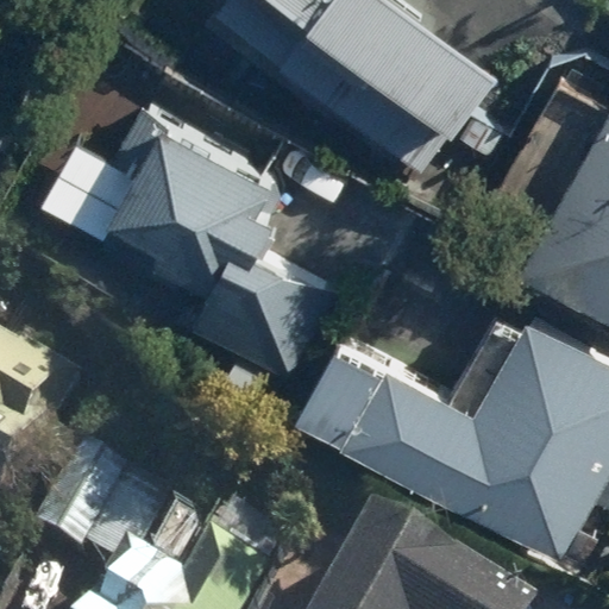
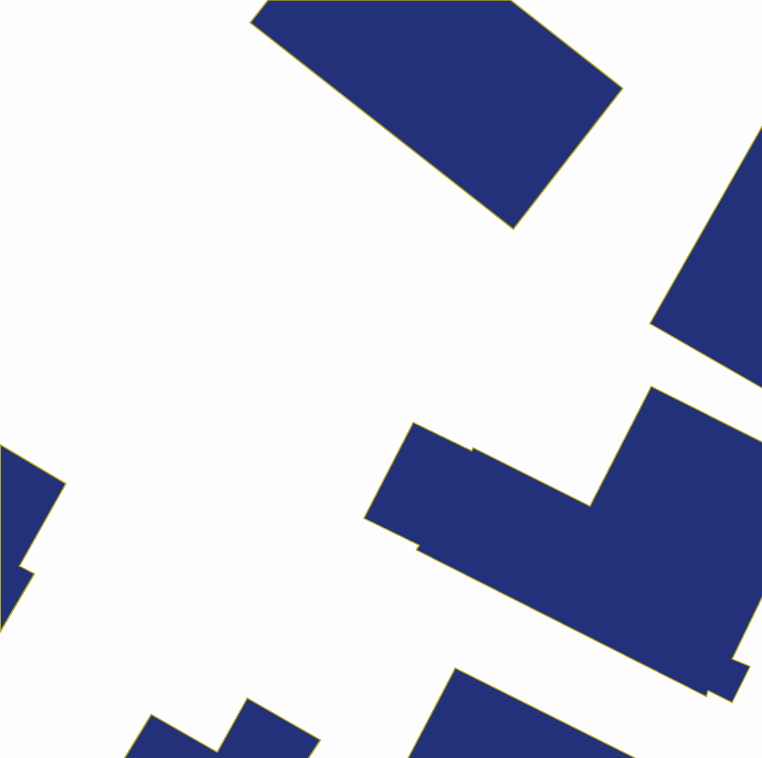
building: [101,121,343,383] -> none
building: [32,458,169,579] -> none

